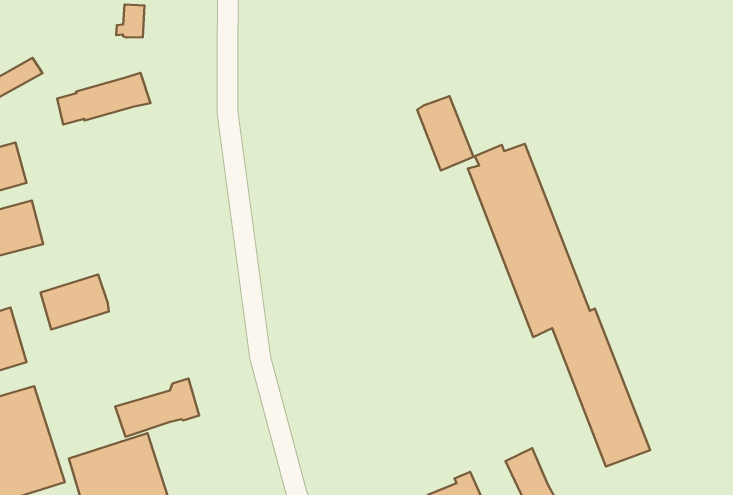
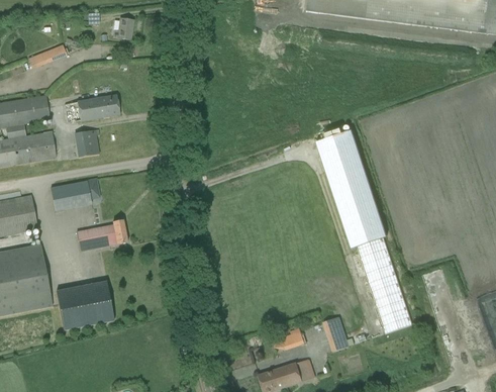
building: [57,73,150,124] -> [64,95,120,121]
building: [417,96,474,171] -> none
building: none -> [74,130,99,157]
building: [115,378,199,437] -> [77,219,127,251]

